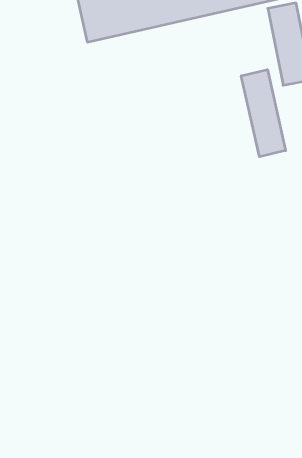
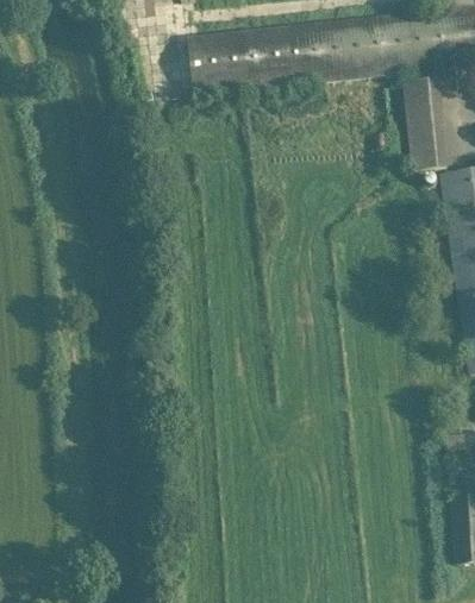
building: [241,70,286,157] -> none

